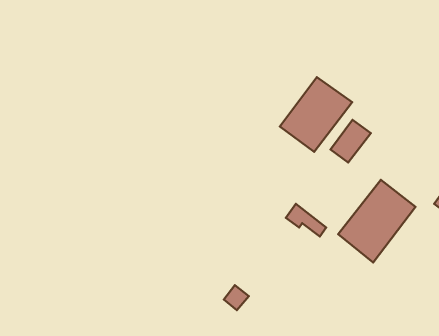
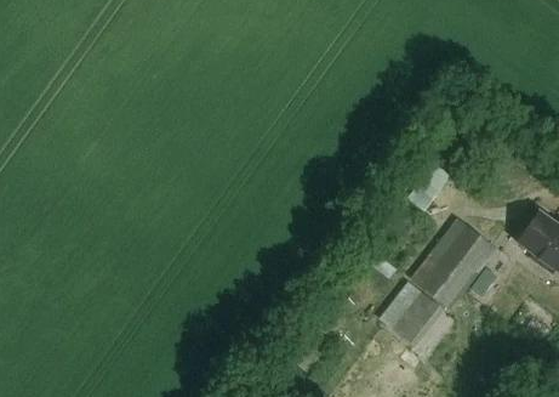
building: [280,77,352,152] -> none
building: none -> [380,283,445,348]

